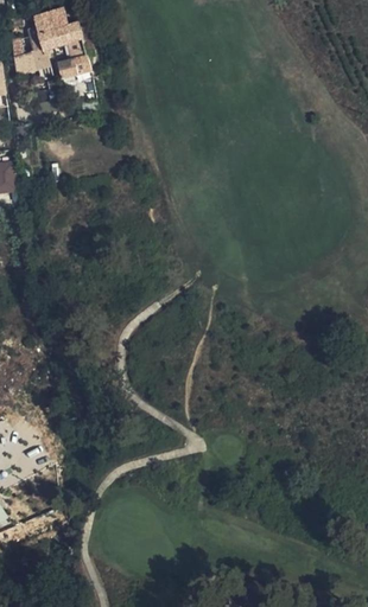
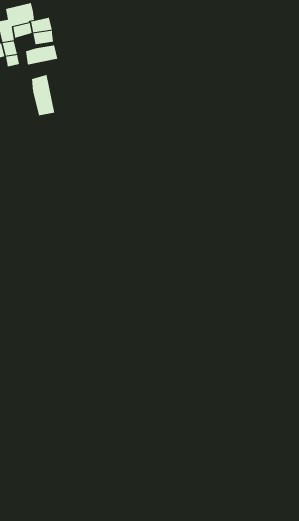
building: none -> [31,74,55,116]

